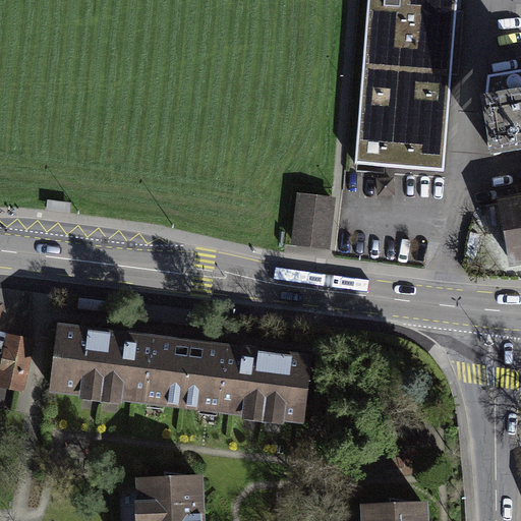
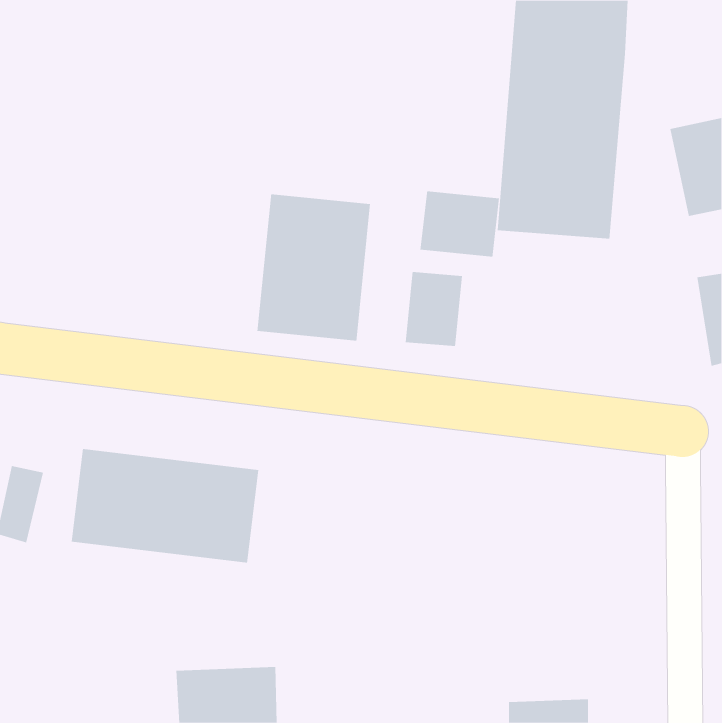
building: none -> [420,191,500,257]
building: none -> [257,194,371,341]
building: [178,338,311,420] -> none

